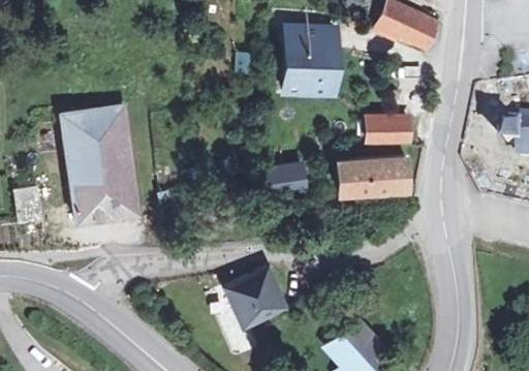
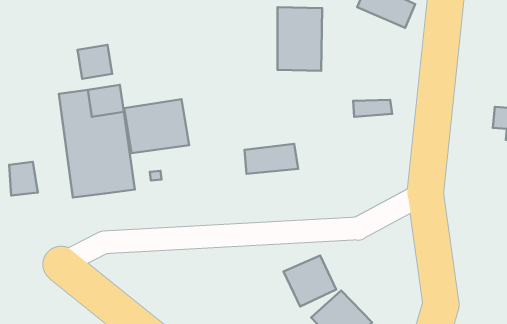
building: none -> [78,45,112,79]
building: none -> [124,99,189,153]
building: [339,158,410,195] -> none
building: [226,271,281,323] -> [283,255,336,306]

